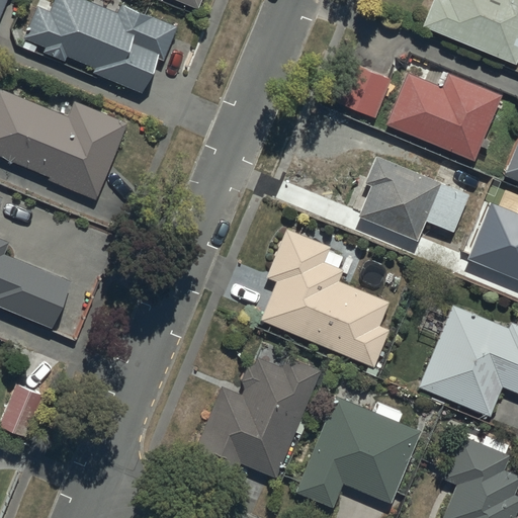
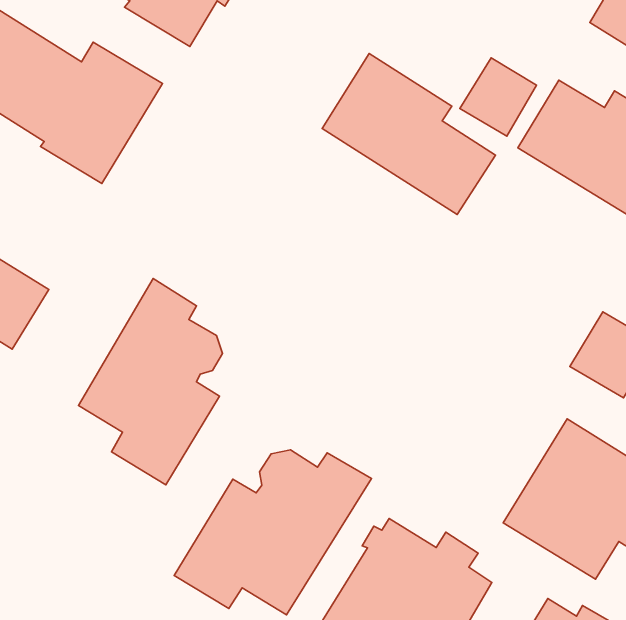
building: none -> [322,54,495,214]
building: [358,155,469,240] -> none
building: [261,234,390,371] -> none
building: none -> [78,279,222,485]

